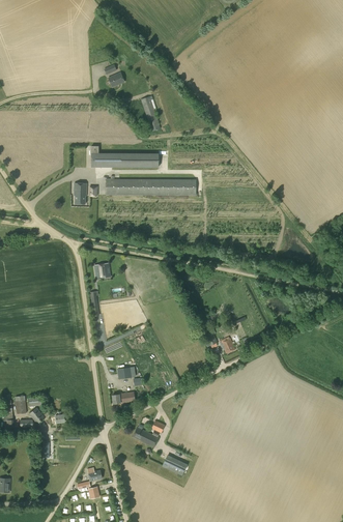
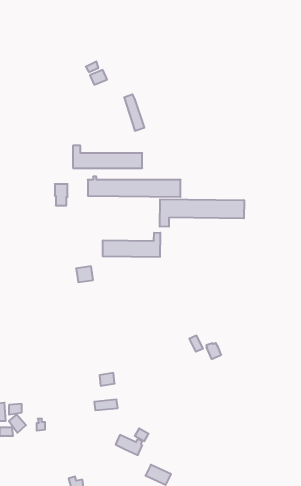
building: none -> [160,199,244,227]
building: none -> [103,233,160,257]

